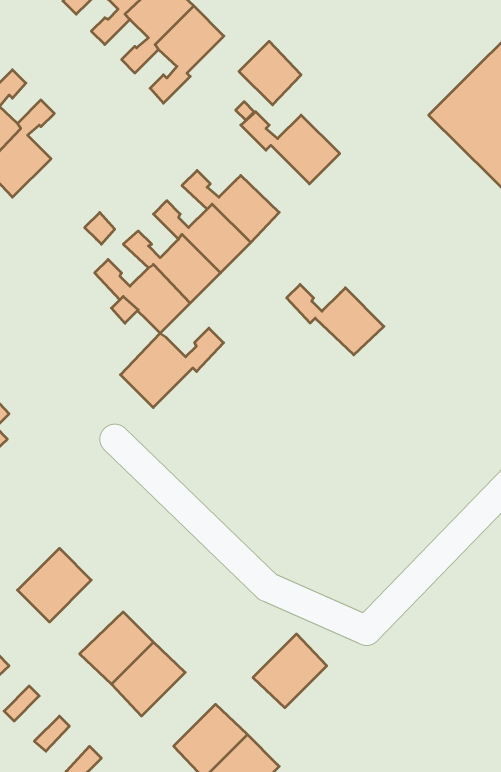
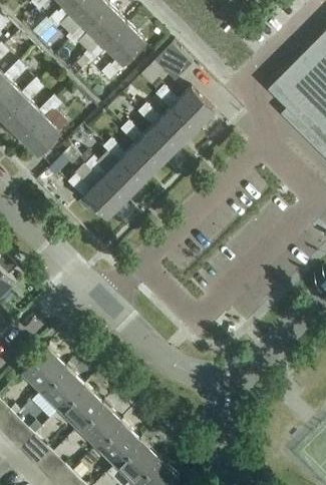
building: none -> [18,97,61,156]
building: [287,284,384,355] -> [137,105,196,147]
building: [120,328,224,408] -> none
building: none -> [40,367,84,411]
building: [253,634,327,708] -> [95,422,139,466]

